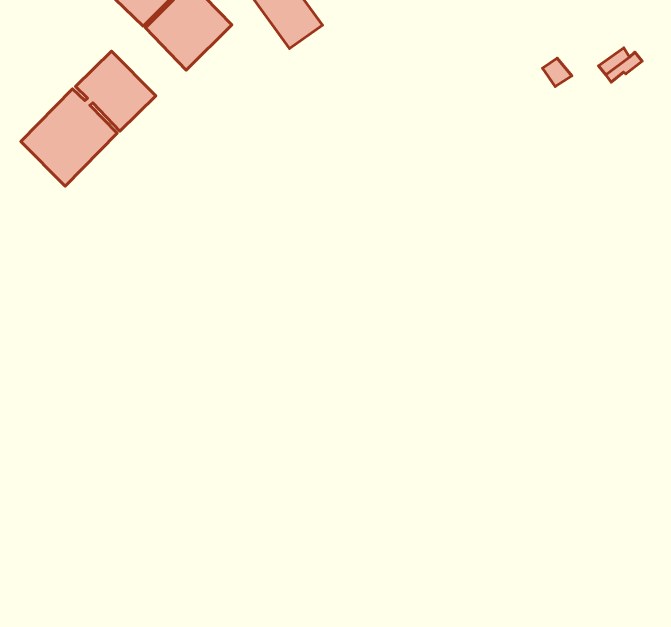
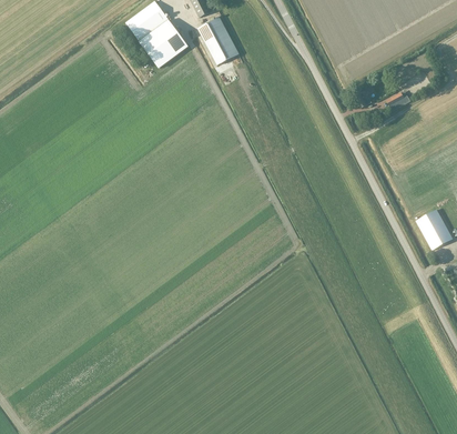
building: [21,51,156,186] -> none

